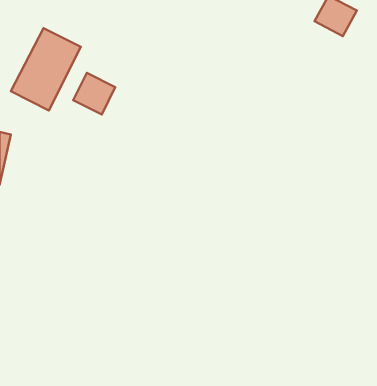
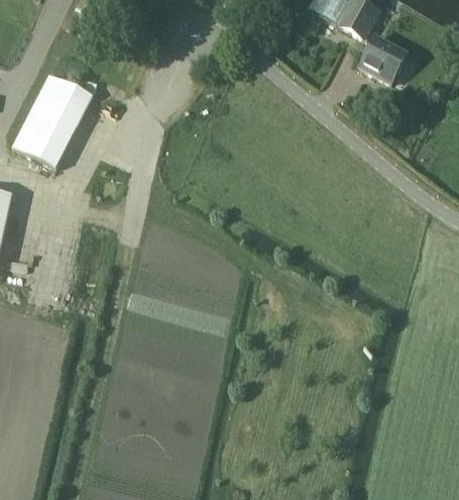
building: [73,73,115,115] -> none

